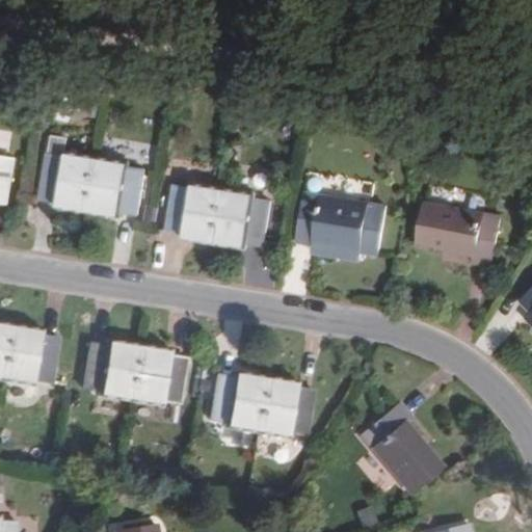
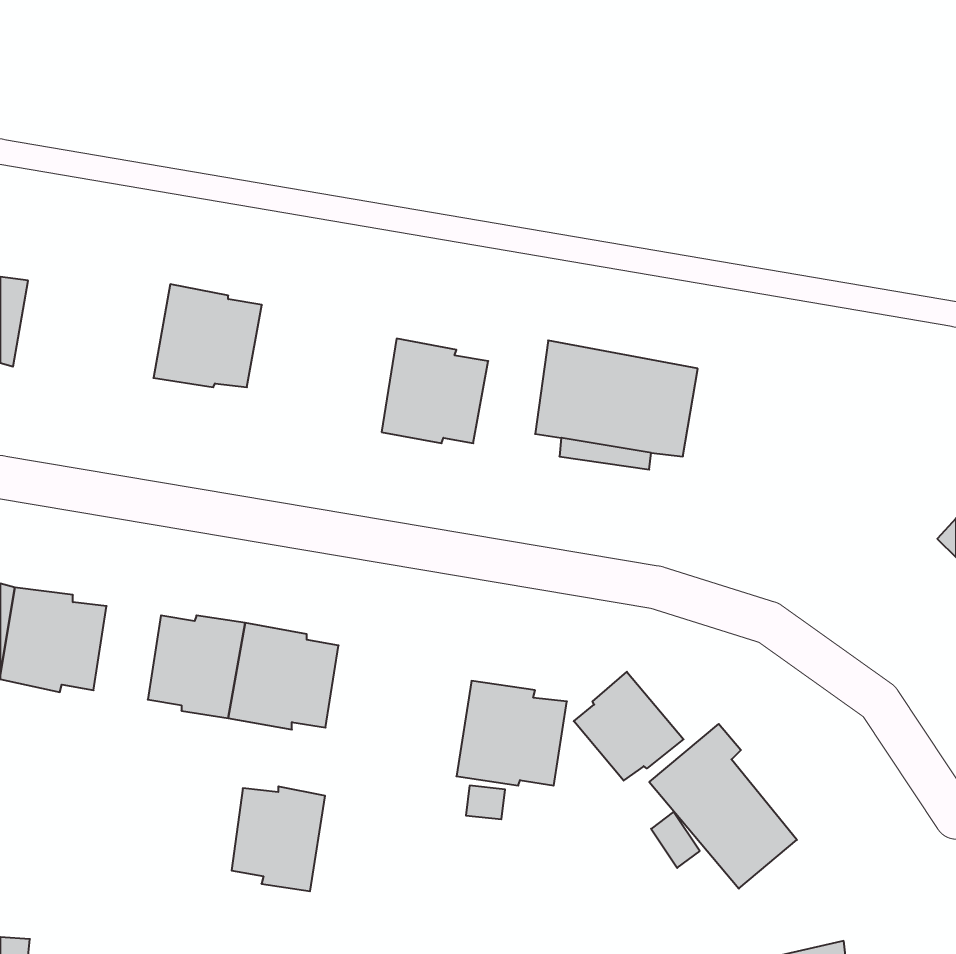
building: [39,154,95,211] -> none
building: [165,185,220,241] -> none
building: [417,187,502,266] -> none
building: [210,374,262,432] -> [232,786,325,891]
building: none -> [574,672,684,781]

